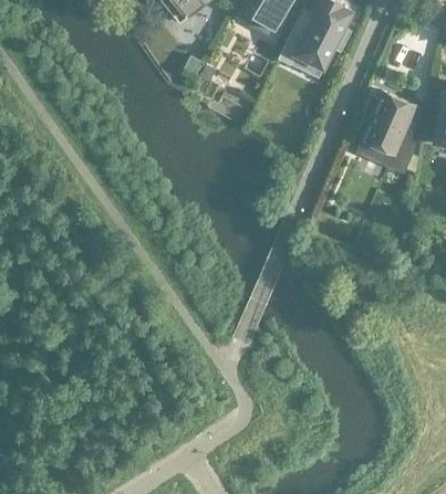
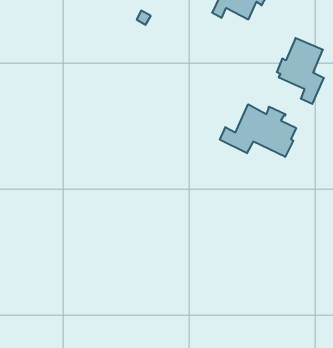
building: none -> [220,104,296,157]

